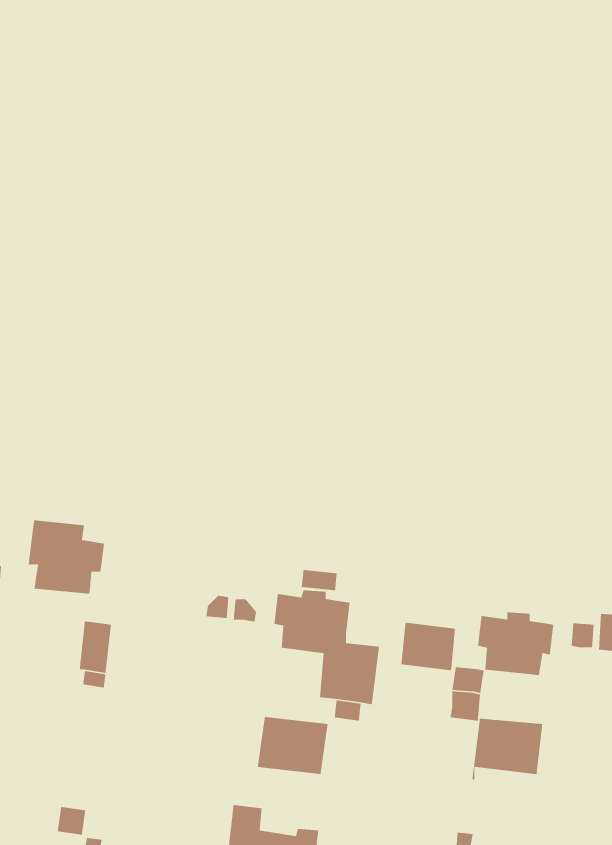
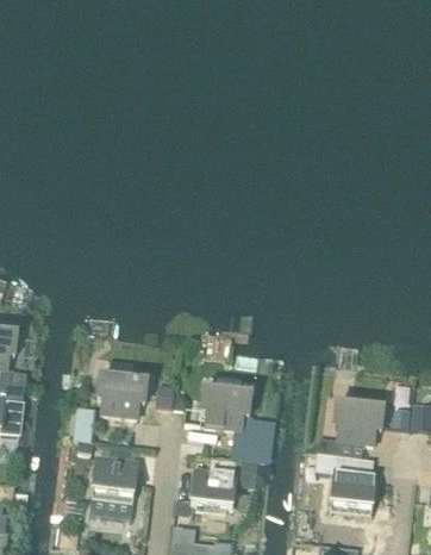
building: [28,519,105,595] -> [98,368,148,417]
building: [401,622,456,671] -> none
building: none -> [90,457,138,517]

